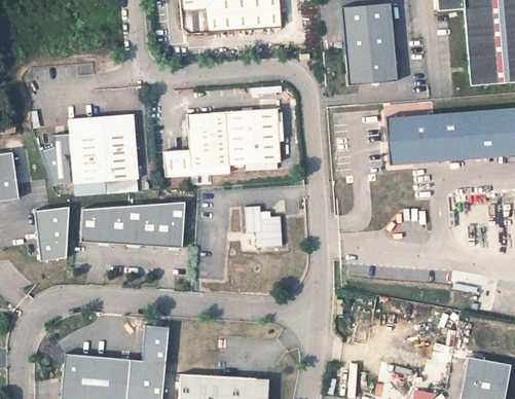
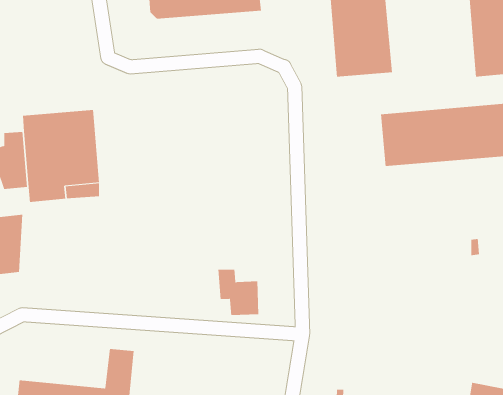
building: [164,108,281,175] -> none
building: [81,203,184,247] -> none
building: [246,205,283,246] -> [218,269,259,316]

